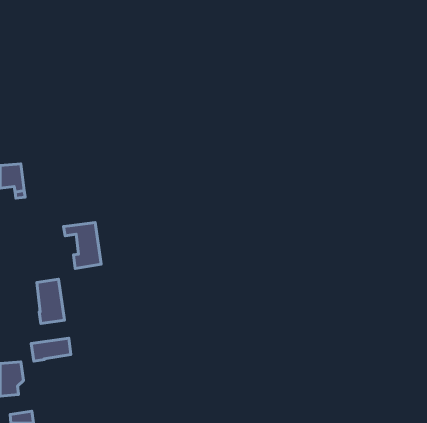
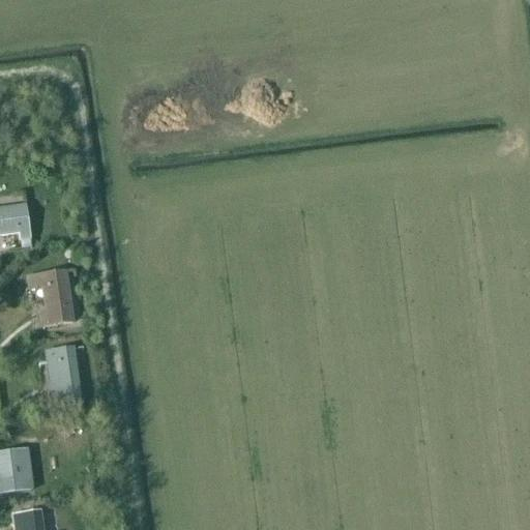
building: [64,222,101,268] -> [27,269,73,326]
building: [31,338,71,361] -> none

